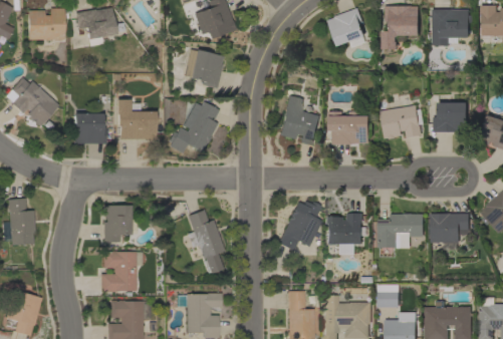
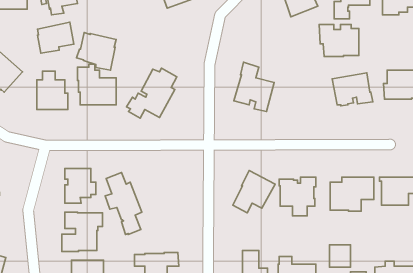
building: [182,48,223,87] -> [77,33,116,70]
building: none -> [37,22,74,53]
building: [328,111,369,144] -> [319,25,359,56]
building: [186,209,224,273] -> [105,173,142,234]

